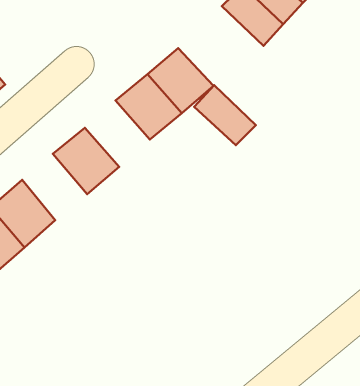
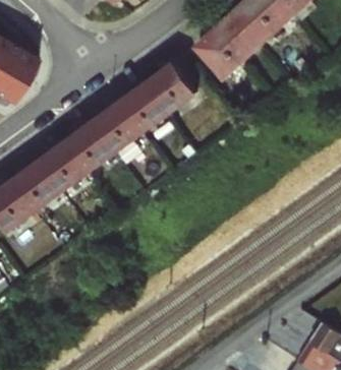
building: [194,85,256,145] -> [189,32,238,81]
building: none -> [89,102,140,156]
building: none -> [35,141,87,195]

